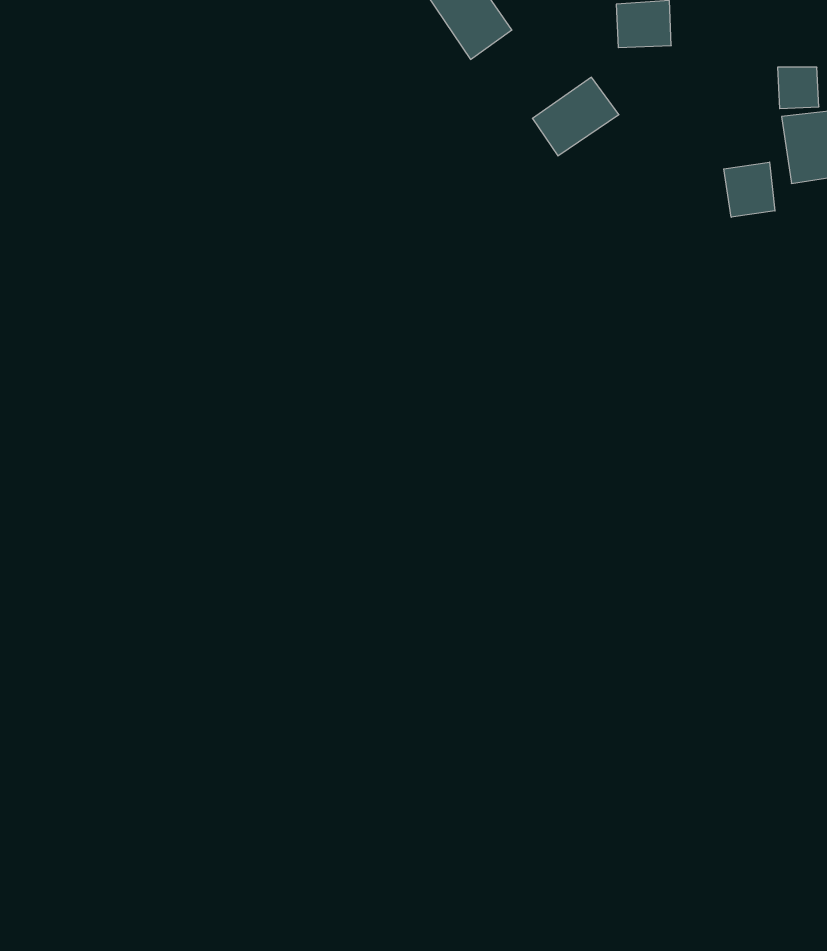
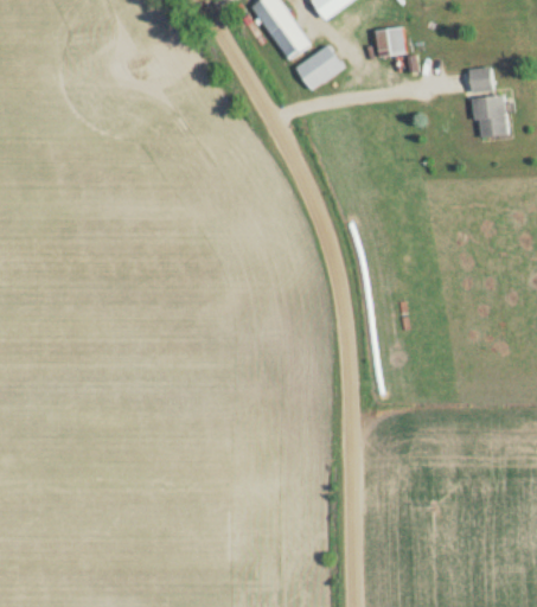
building: [532,77,619,156] -> [293,44,345,91]
building: [724,162,775,217] -> none

